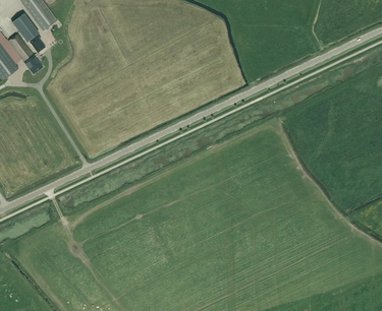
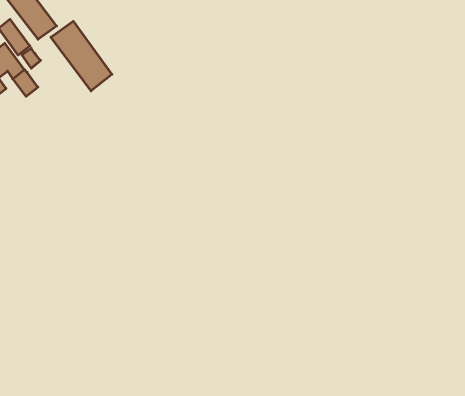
building: none -> [51,21,112,91]

